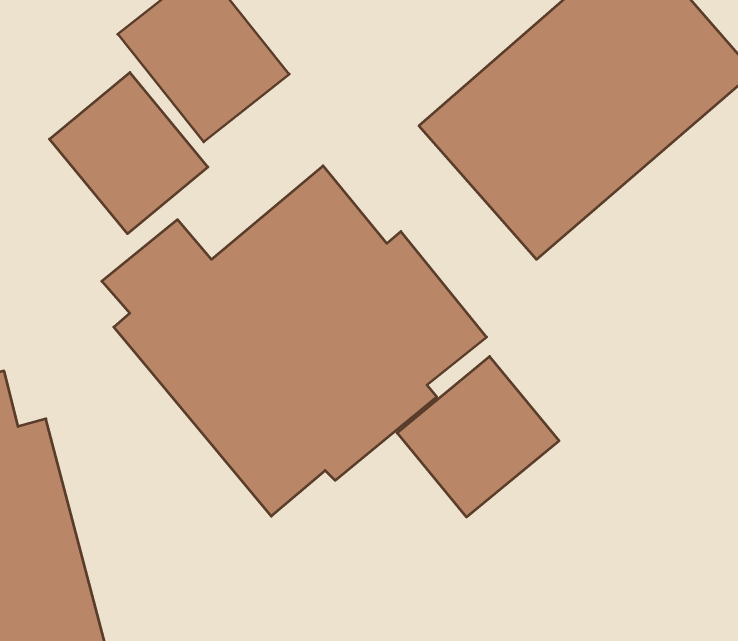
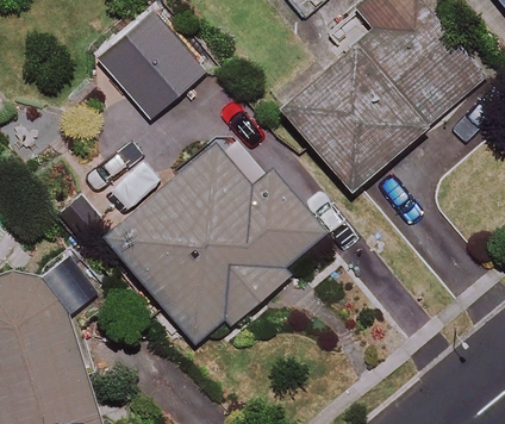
building: [49,72,208,234] -> none
building: [397,356,559,517] -> none

